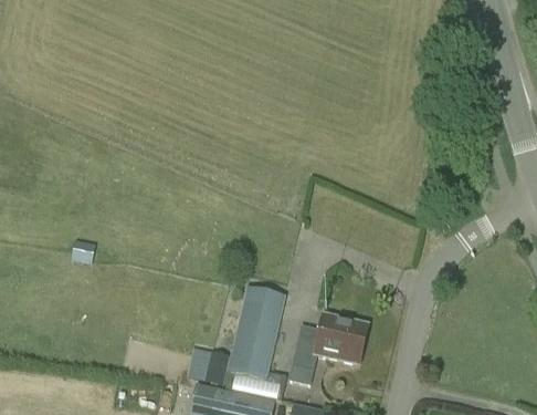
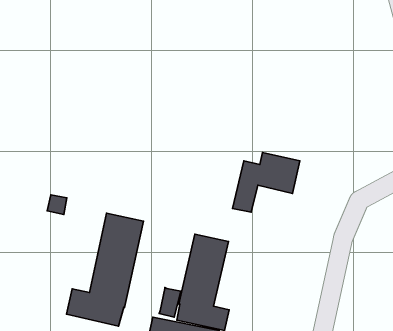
building: none -> [67,213,143,326]
building: [288,312,368,383] -> [233,152,300,212]

